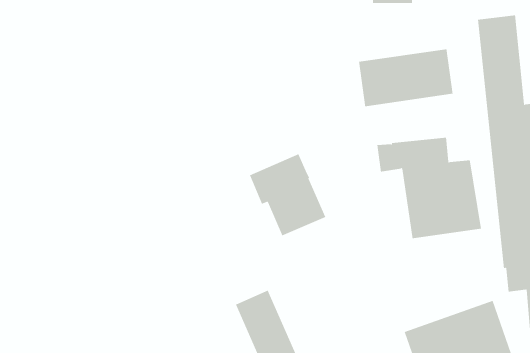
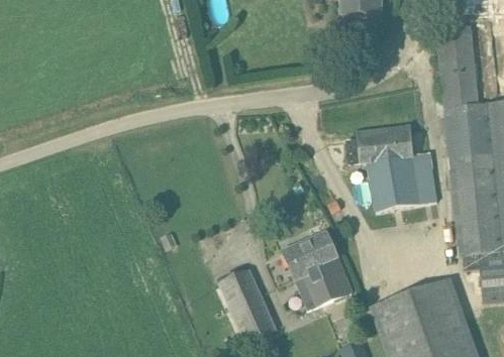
building: [359,48,453,107] -> none
building: [249,154,326,236] -> [284,233,352,307]

